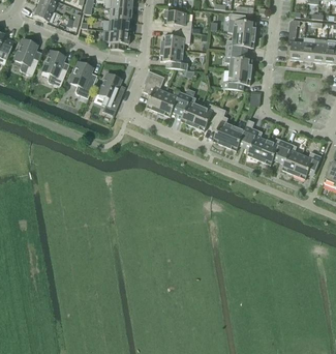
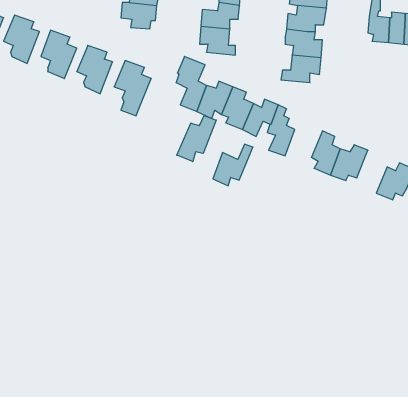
building: none -> [177,116,216,162]
building: [224,118,254,149] -> [213,144,253,186]
building: [278,140,301,172] -> none

